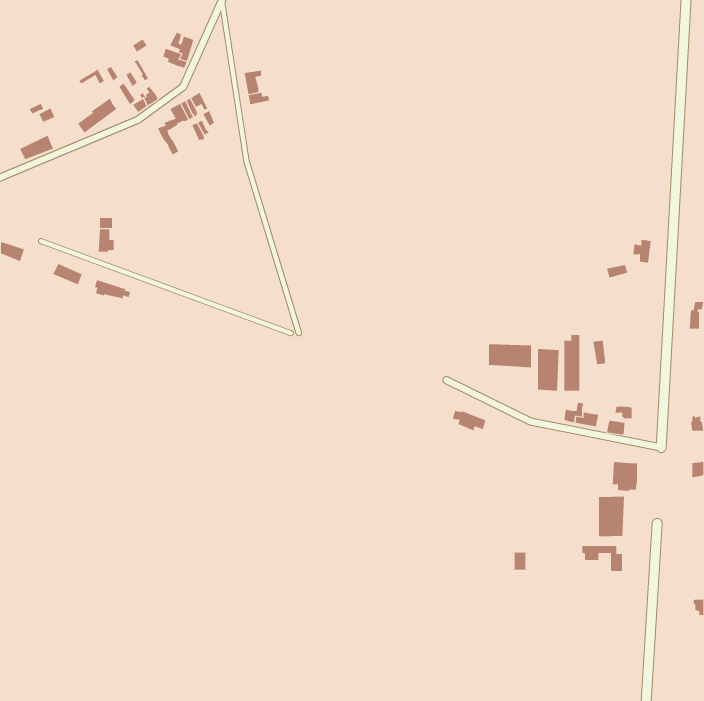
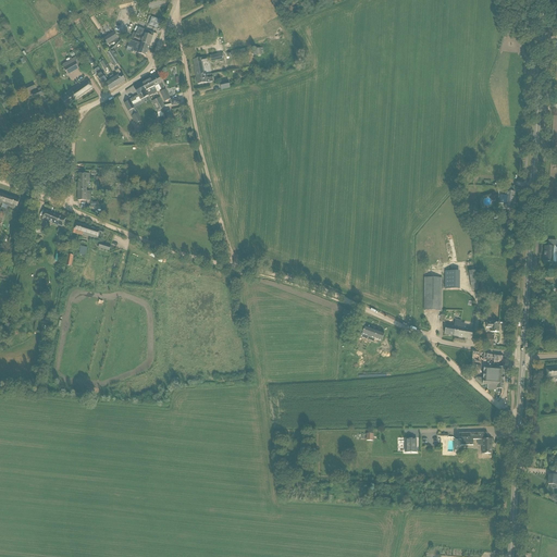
building: [488,343,532,368] -> none
building: [599,496,625,537] -> none

